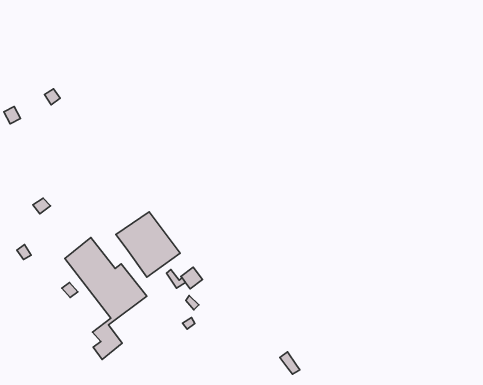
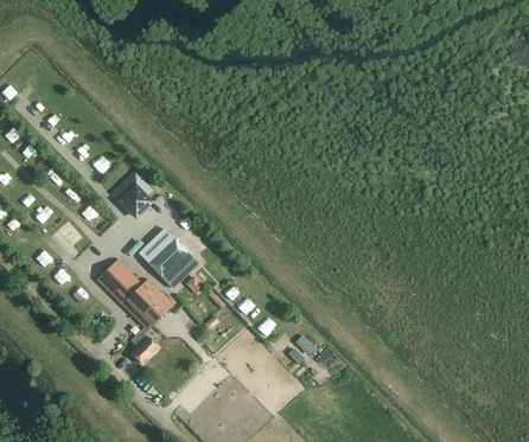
building: none -> [113,172,151,212]

